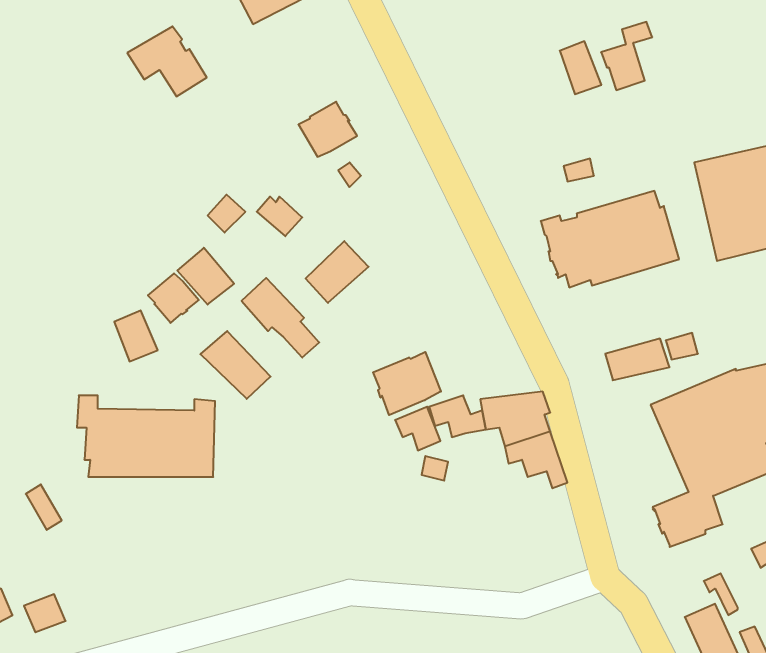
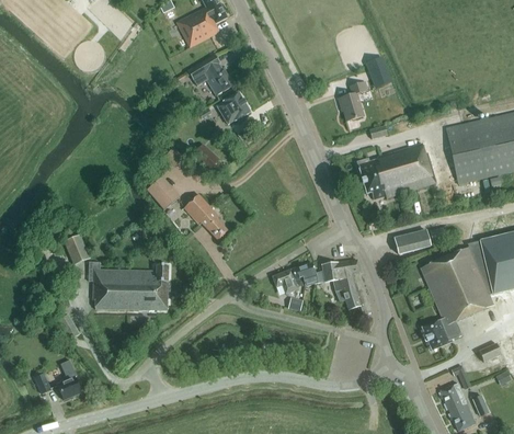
building: [601,22,652,90] -> [338,81,367,121]
building: [127,26,207,96] -> [187,55,233,95]
building: [306,241,369,303] -> none
building: [148,273,199,323] -> none
building: [114,310,158,361] -> [64,235,89,264]
building: [200,331,271,399] -> none
building: [373,352,441,415] -> none

